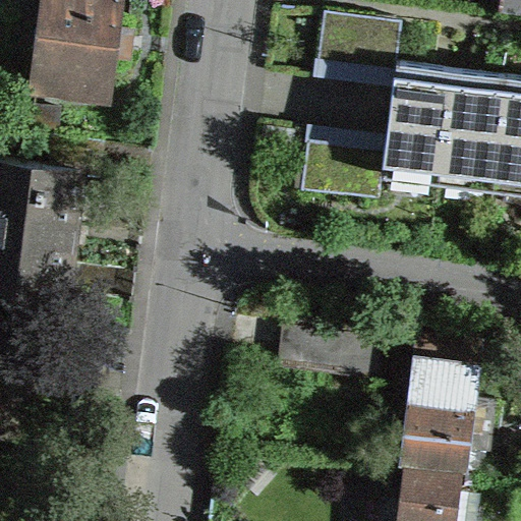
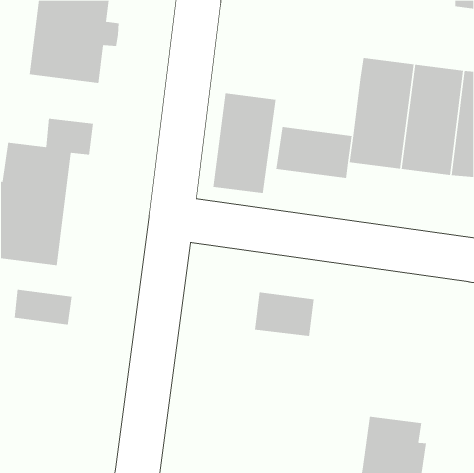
building: [315,12,403,86] -> none
building: none -> [213,92,276,194]
building: [405,336,496,465] -> none

